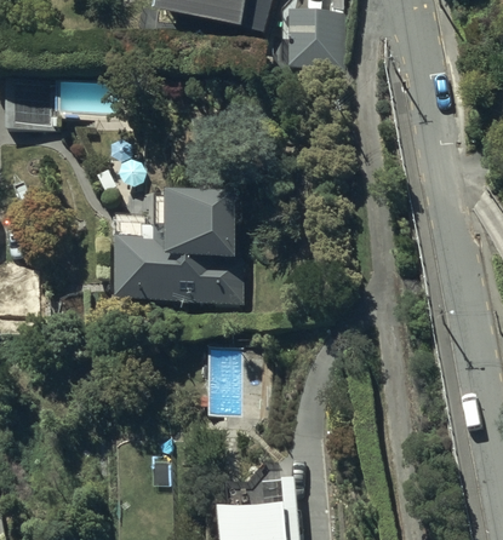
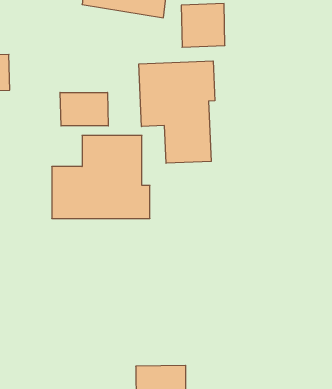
building: none -> [139,61,215,163]
building: none -> [60,92,108,126]

